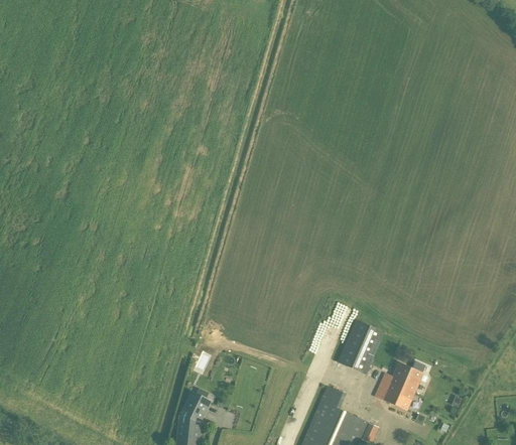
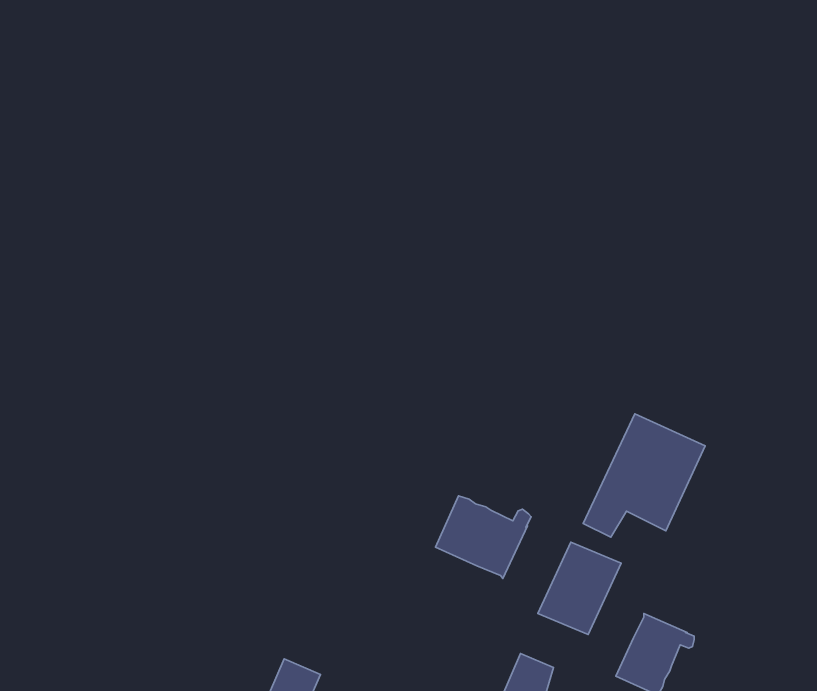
building: none -> [583,414,705,537]
building: none -> [435,496,531,578]

